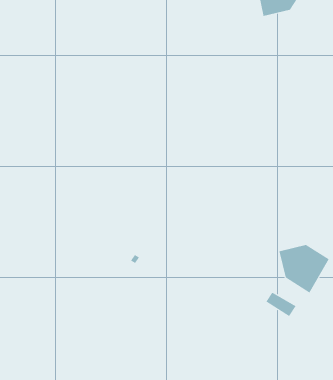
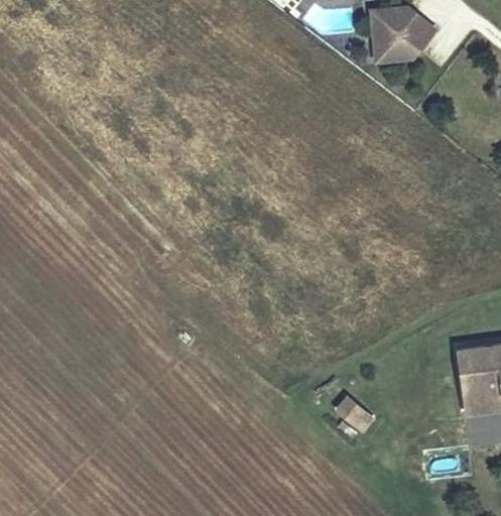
building: [279,244,330,293] -> none

